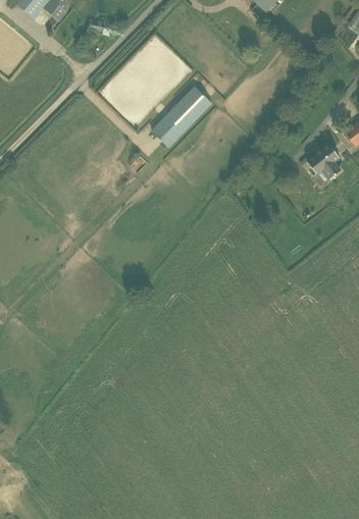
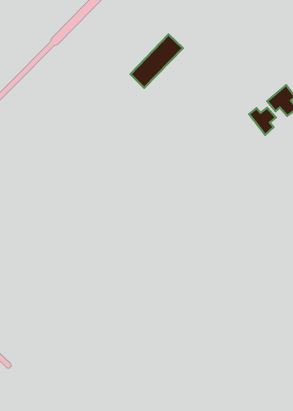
building: none -> [249,108,276,135]

